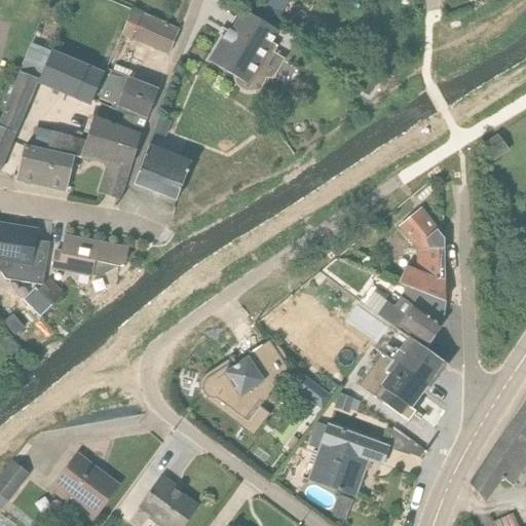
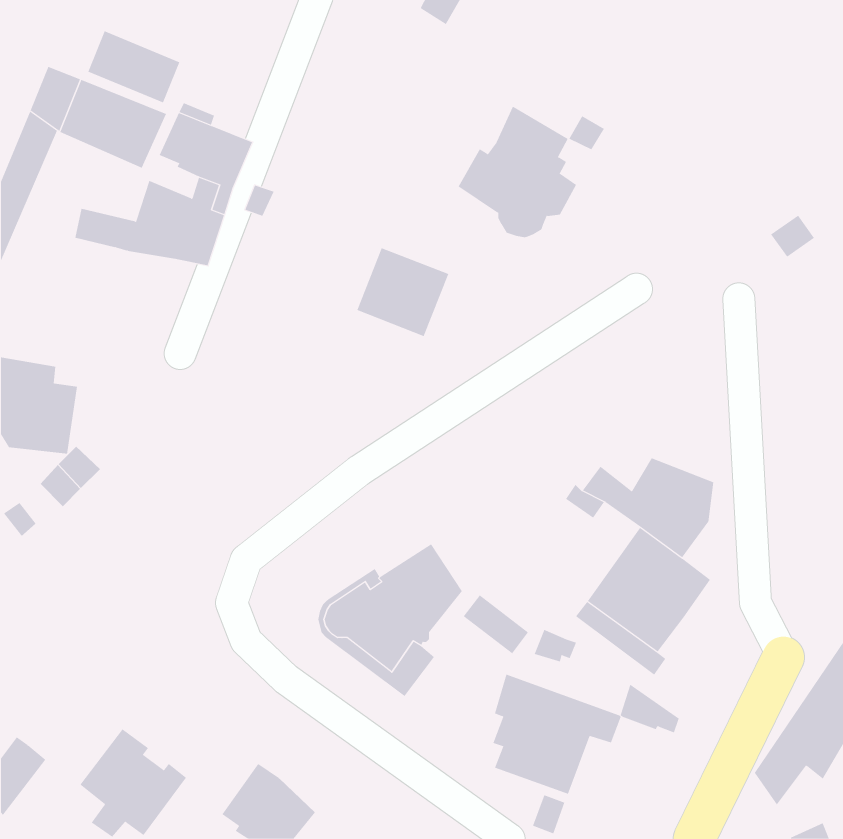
building: [121,8,179,53] -> [87,31,180,103]
building: [210,8,284,90] -> [458,106,577,238]
building: [17,143,73,189] -> none
building: [134,144,191,199] -> [357,248,449,337]
building: [101,161,130,196] -> none
building: [398,206,445,300] -> none
building: [51,234,128,275] -> none

